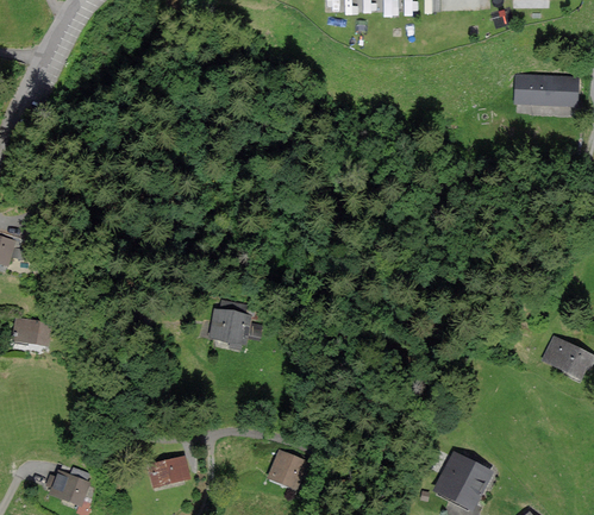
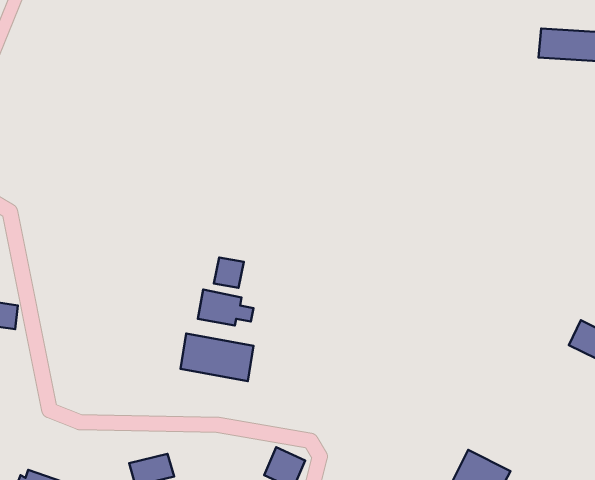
building: none -> [214,257,244,288]
building: none -> [181,334,253,381]

